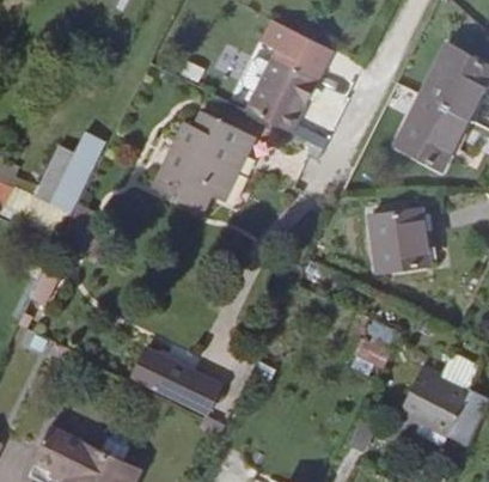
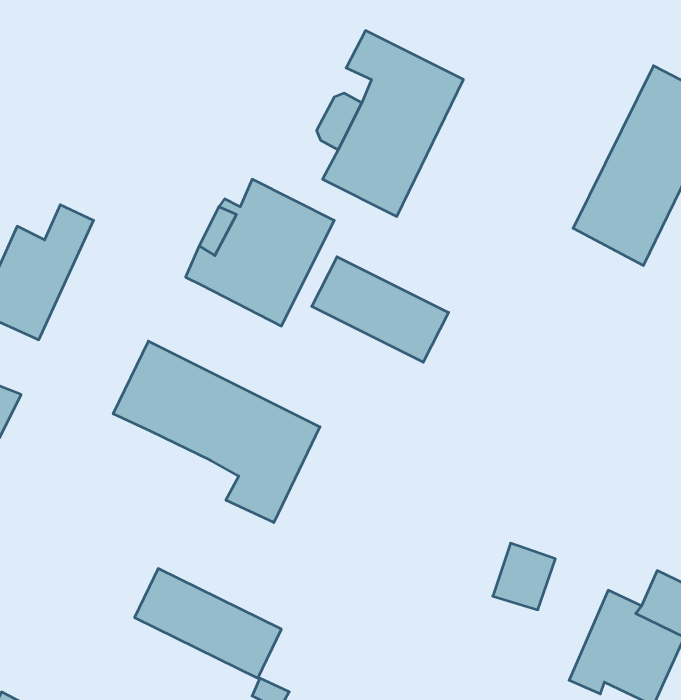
building: none -> [312,257,449,362]
building: [372,205,429,267] -> none
building: none -> [113,341,320,523]

